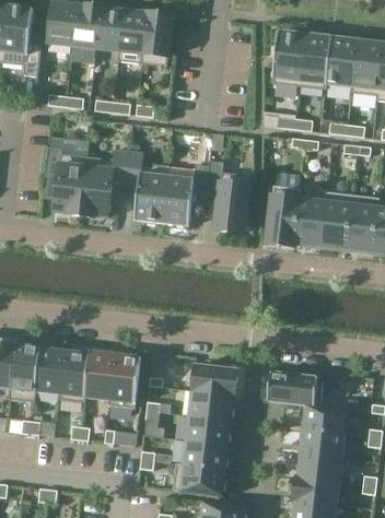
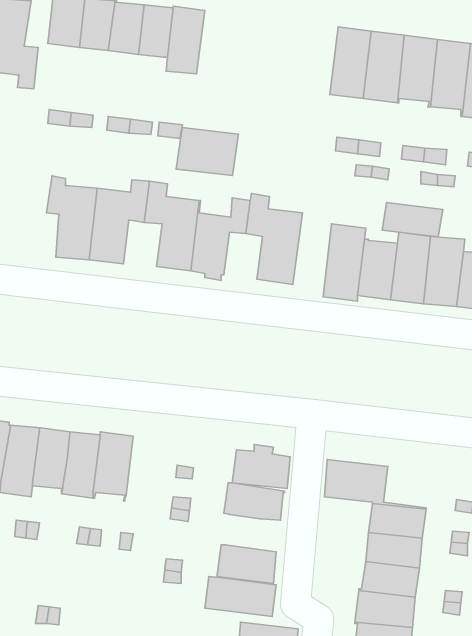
building: none -> [176,127,239,176]
building: none -> [382,203,443,237]
building: [108,353,140,408] -> none
building: [185,414,232,445] -> none

